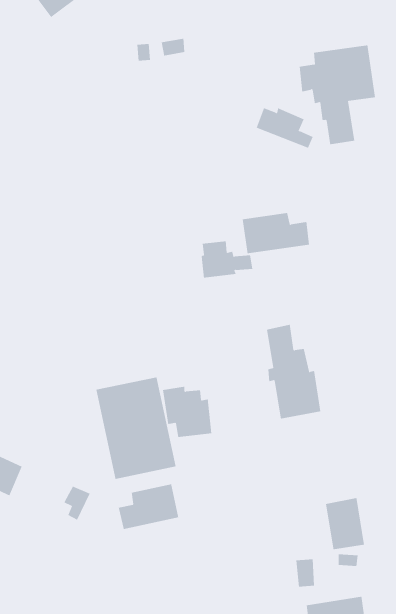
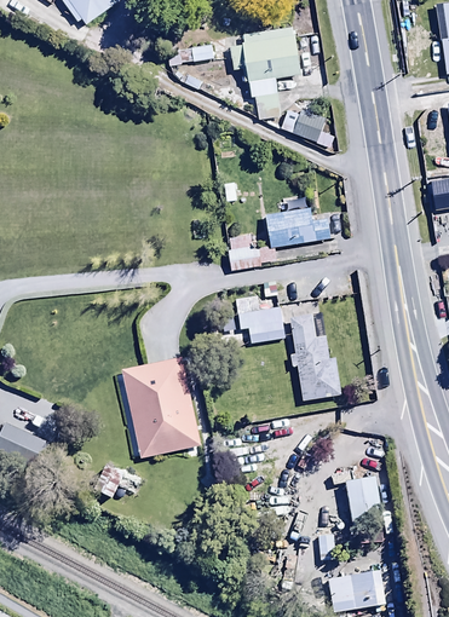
building: [299,45,376,145] -> [229,24,301,119]
building: [162,386,212,437] -> [236,293,283,341]
building: [118,483,179,530] -> none

